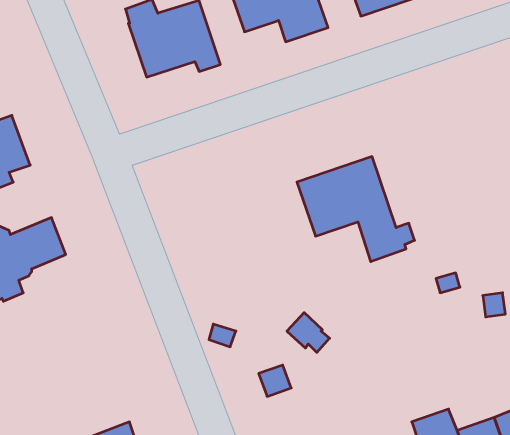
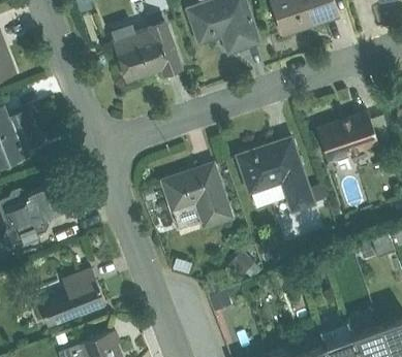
building: none -> [316,111,379,162]
building: none -> [162,164,233,230]
building: none -> [39,269,105,327]

